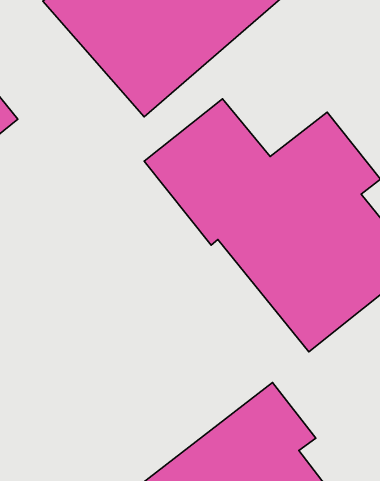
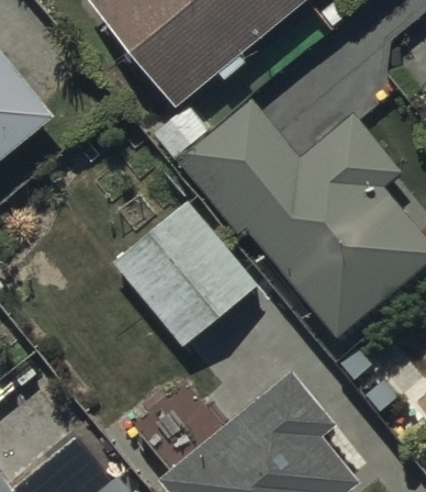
building: none -> [111,198,261,349]

